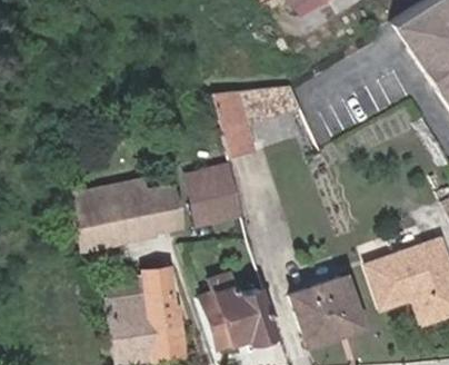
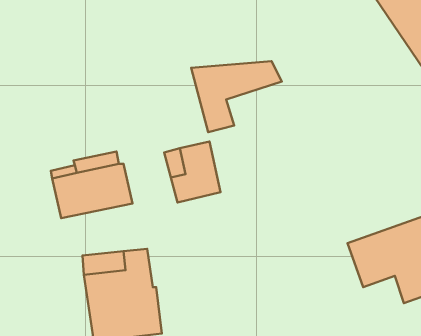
building: [148,181,180,226] -> none
building: [199,272,277,347] -> none
building: [293,276,362,343] -> none

